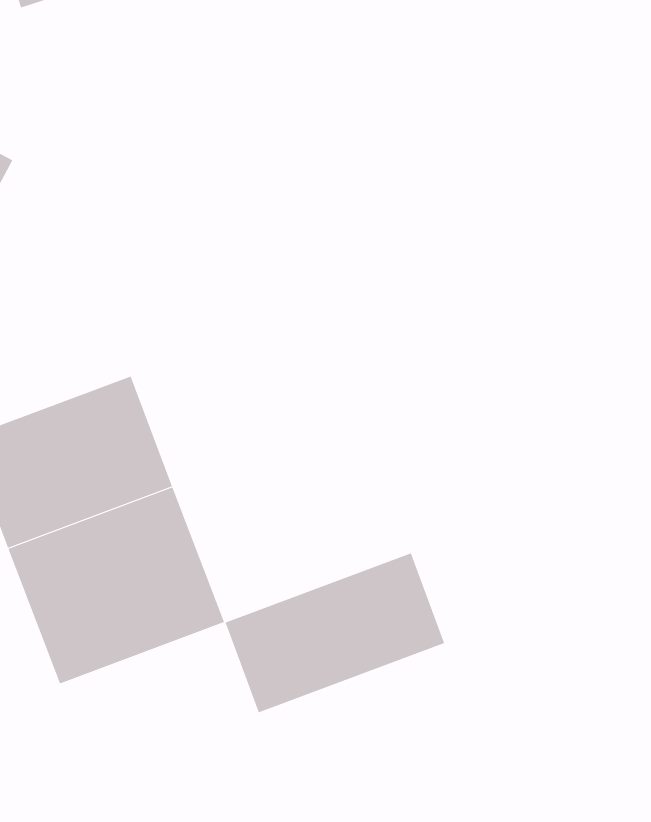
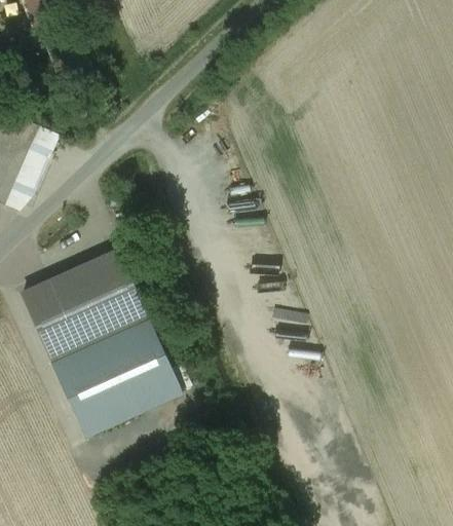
building: [225,552,445,713] -> none

